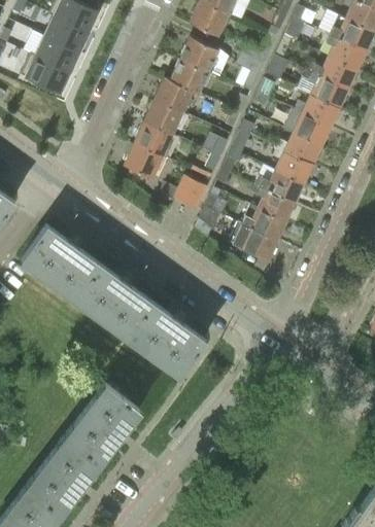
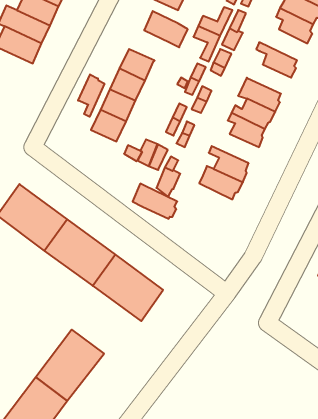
building: [307,58,359,92] -> none
building: [170,59,209,96] -> none
building: [294,96,341,128] -> none
building: none -> [78,74,104,117]
building: [254,171,306,203] -> none
building: [229,222,277,260] -> [133,184,177,219]

